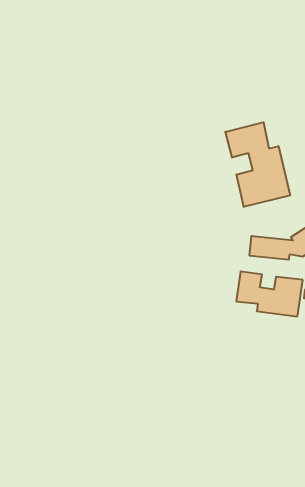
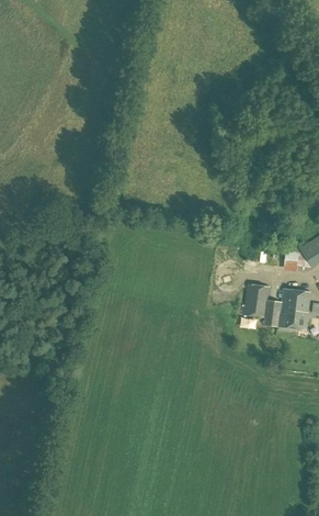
building: [225,122,290,207] -> none

